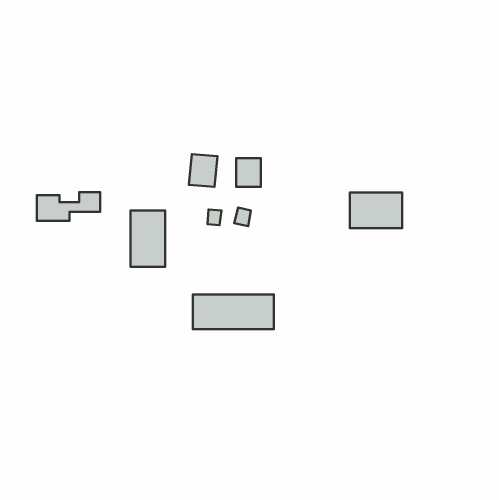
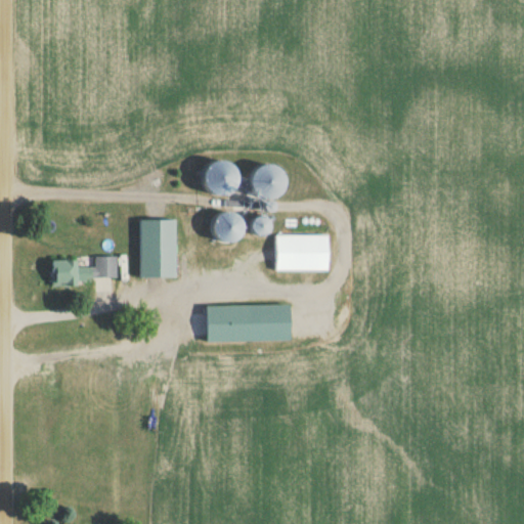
building: [37,192,100,221] -> [53,256,119,286]
building: [350,192,402,228] -> [275,233,330,270]

